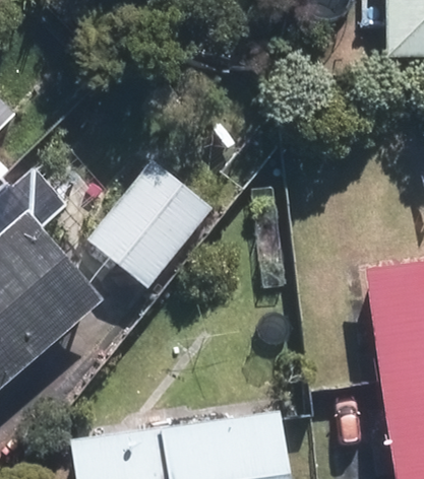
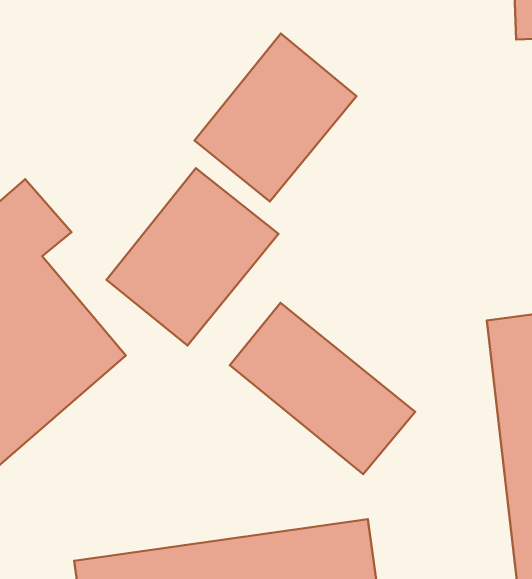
building: none -> [195,34,357,202]
building: none -> [230,303,415,474]

